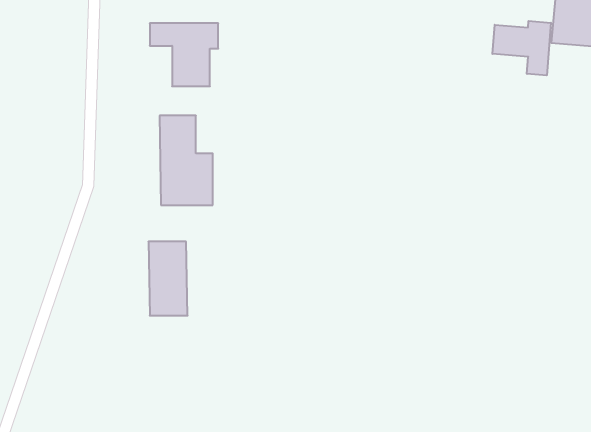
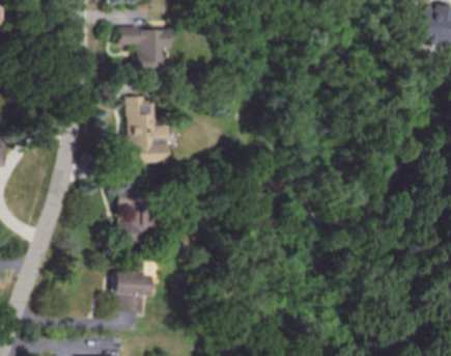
building: [492,21,551,75] -> none
building: none -> [113,257,148,311]

